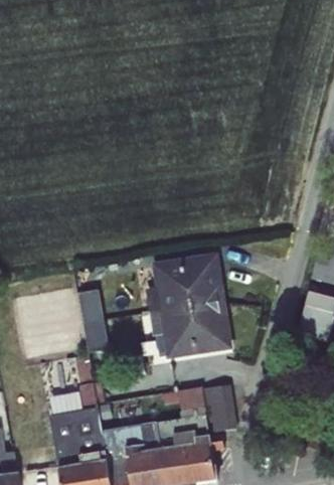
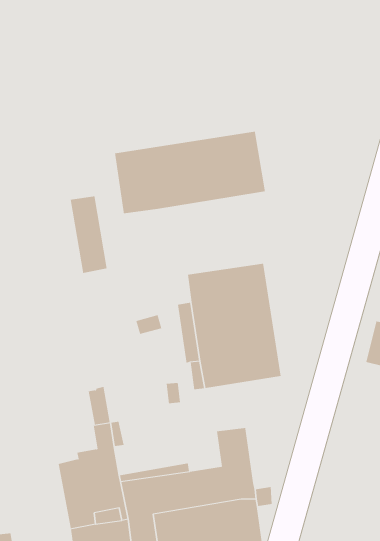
building: none -> [115,131,266,214]
building: [79,289,110,351] -> [70,196,108,273]
building: [203,384,235,431] -> none

